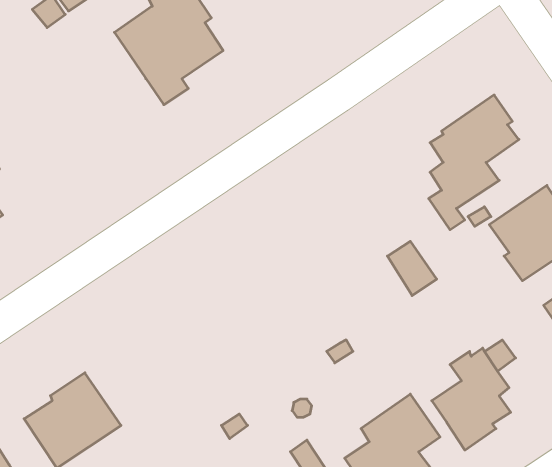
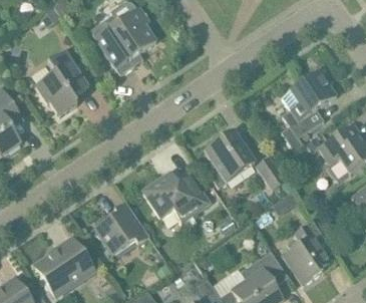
building: none -> [36,50,89,115]
building: none -> [205,131,255,188]
building: none -> [142,171,210,223]
building: none -> [94,202,149,256]

